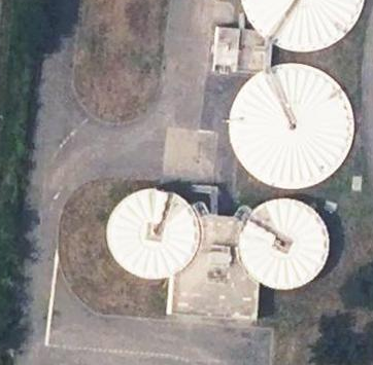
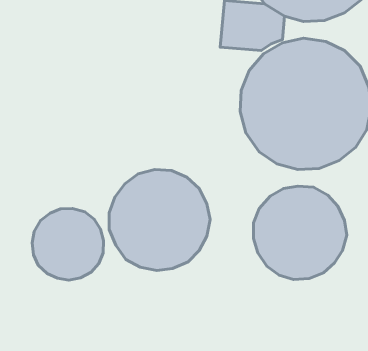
building: [154,214,280,321] -> none
building: none -> [32,208,104,280]

